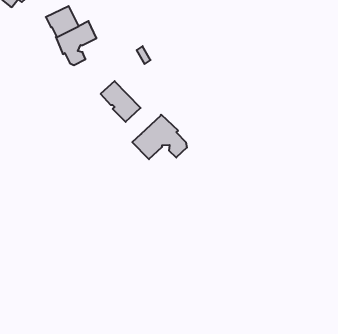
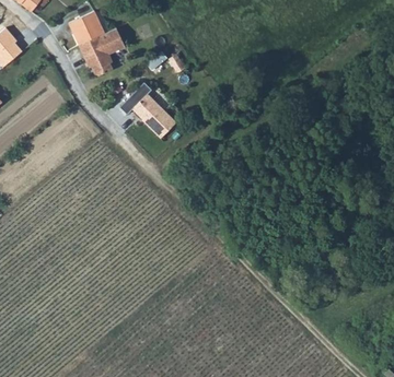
building: [132,115,187,159] -> none

